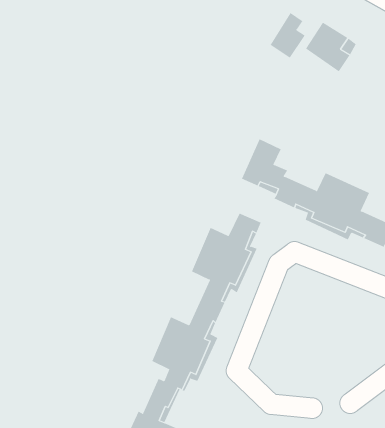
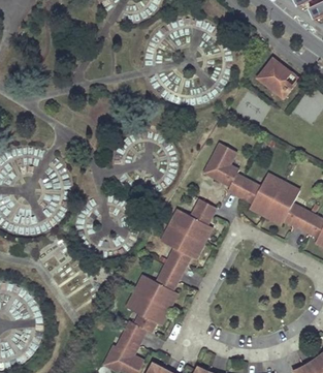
building: [270,12,306,59] -> none

